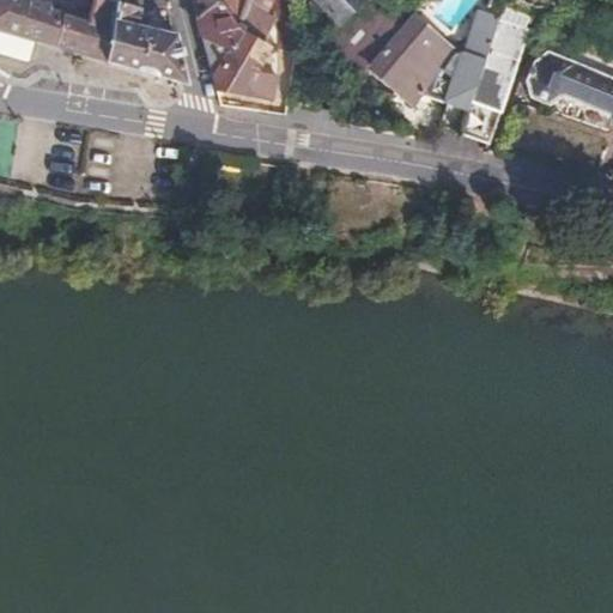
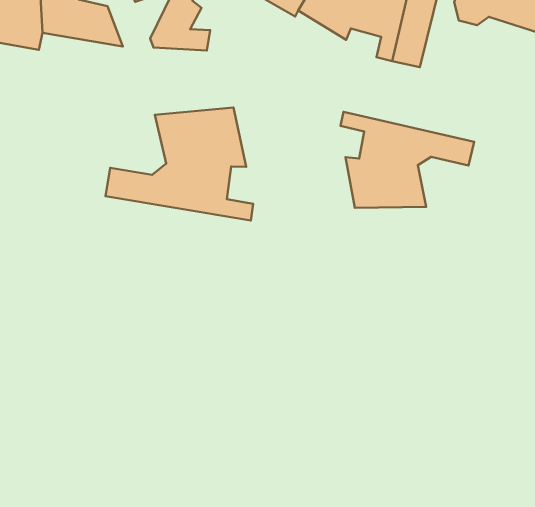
building: none -> [105,108,253,221]
building: none -> [341,112,474,208]

